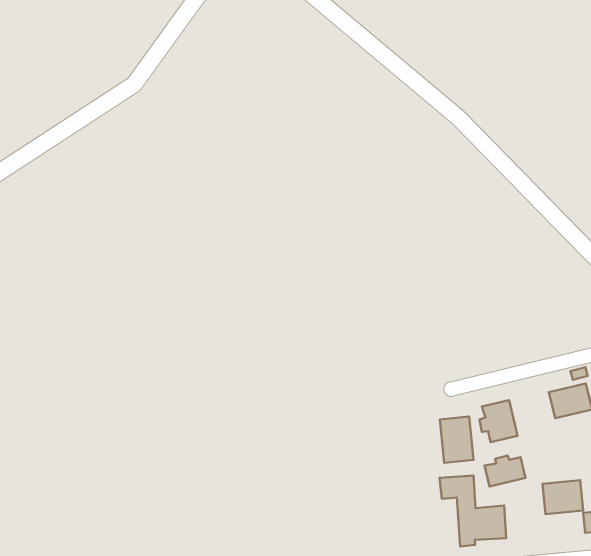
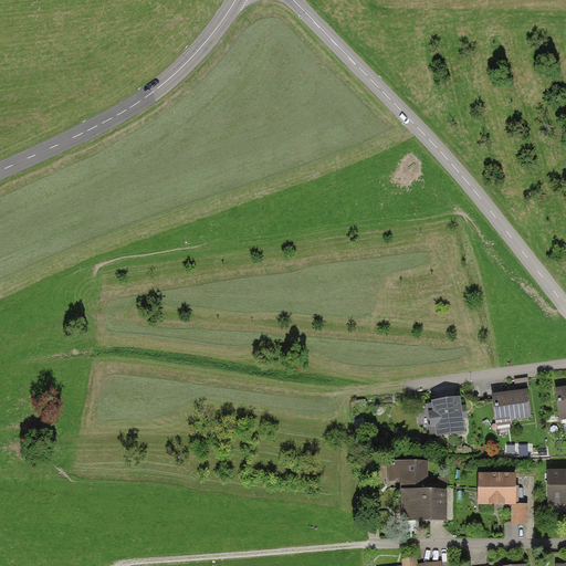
building: [440,417,473,463] -> none
building: [485,456,525,486] -> none

